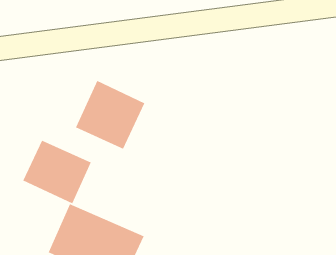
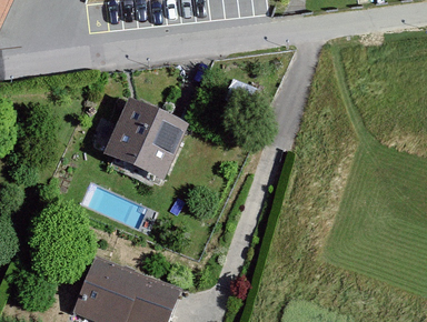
building: [23,140,91,204] -> none

